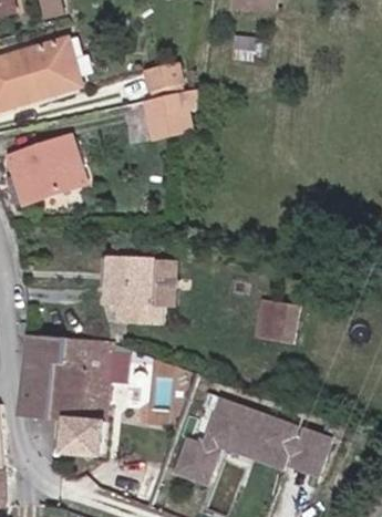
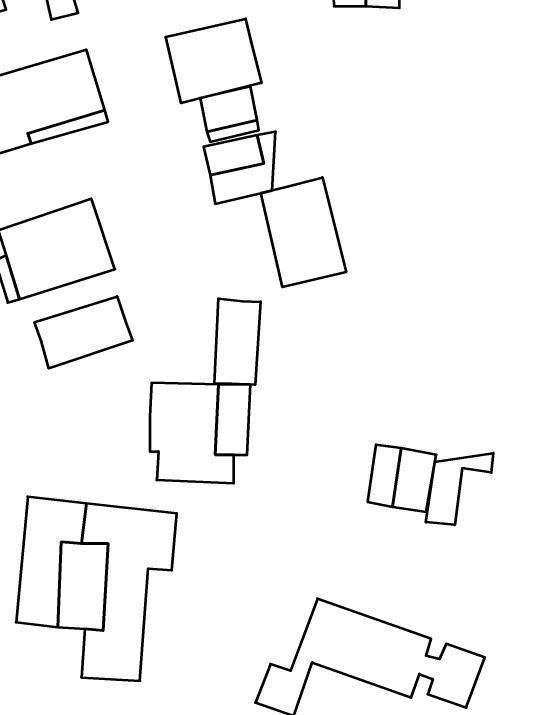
building: none -> [166,19,261,103]
building: none -> [261,177,346,287]
building: none -> [35,296,133,368]
building: none -> [214,299,261,385]
building: none -> [426,453,493,525]

